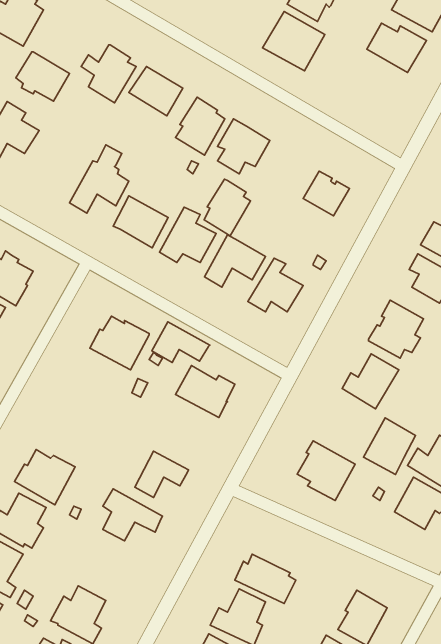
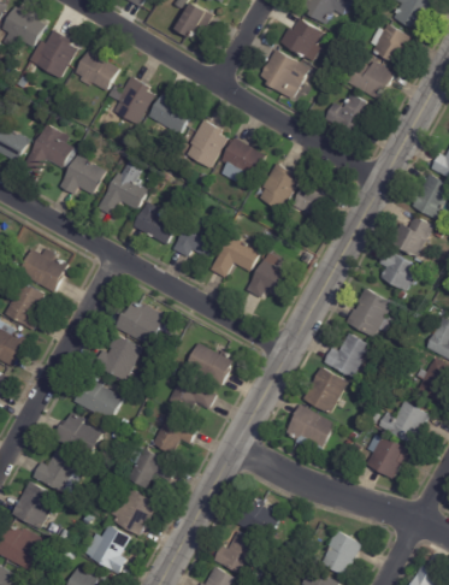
building: [16,52,70,101] -> [73,49,118,90]
building: none -> [325,93,371,136]
building: none -> [59,154,106,194]
building: [204,179,251,236] -> [259,162,297,209]
building: [152,322,210,363] -> [167,376,215,409]
building: none -> [94,333,141,380]
building: none -> [73,373,122,421]
building: [363,418,416,475] -> [303,366,347,413]
building: none -> [105,489,155,536]

